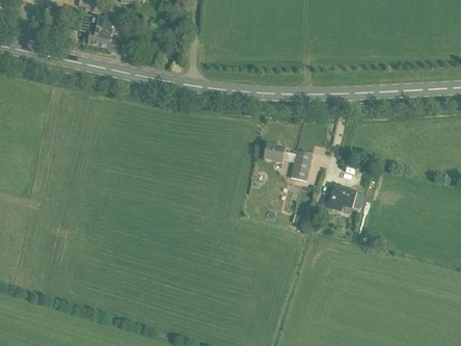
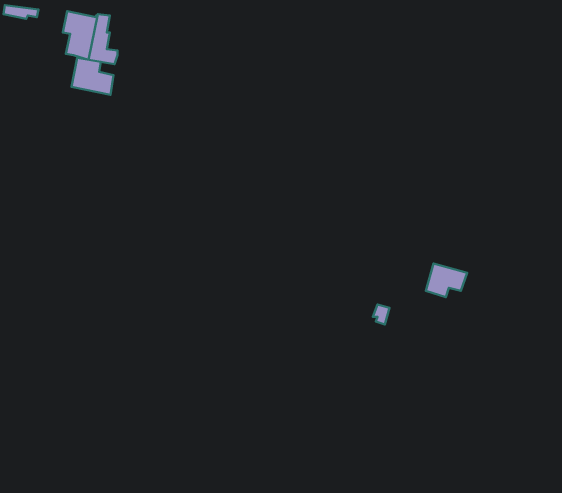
building: none -> [71,58,113,95]
building: [264,143,313,180] -> none

